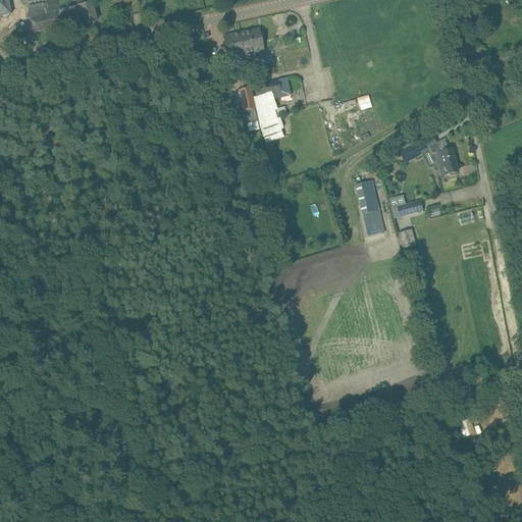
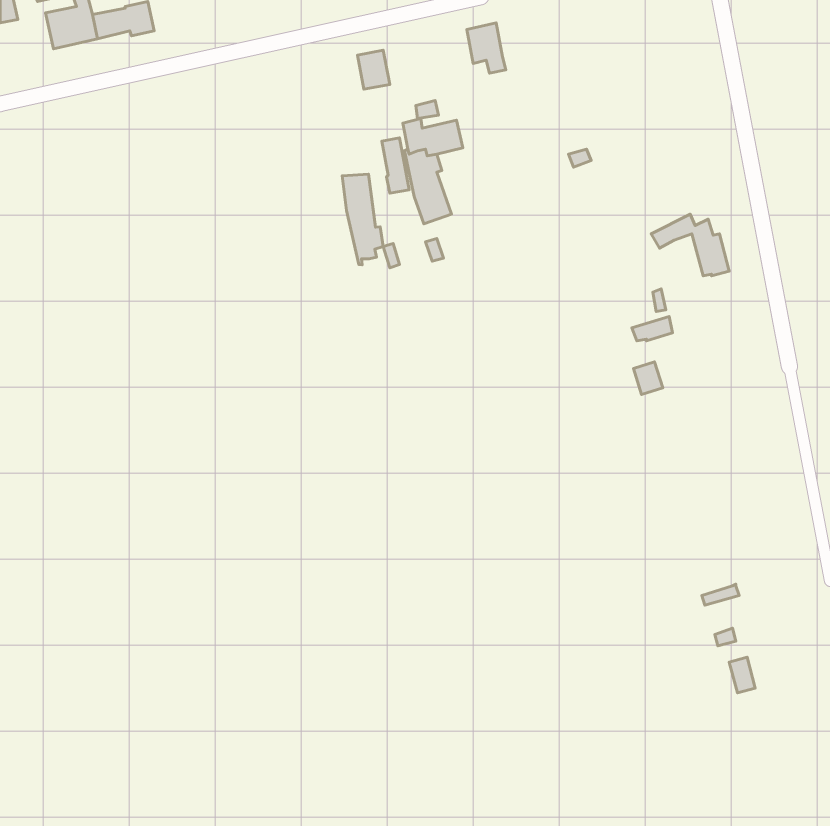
building: [241,28,265,59] -> [467,23,506,73]
building: none -> [342,174,383,265]
building: [355,179,381,225] -> none

